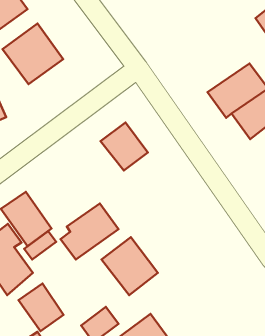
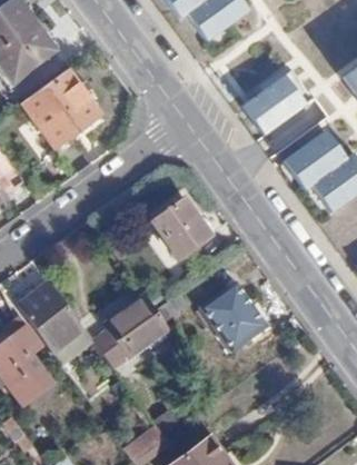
building: none -> [242,67,311,129]
building: [102,237,158,295] -> [194,277,264,349]
building: [19,283,63,331] -> none

